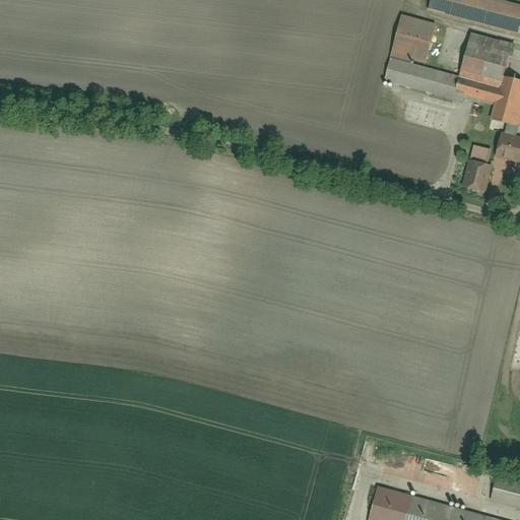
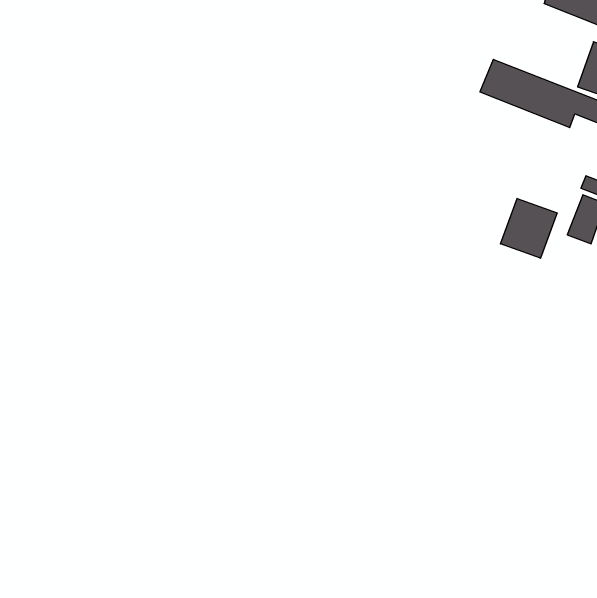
building: [390,14,436,60] -> none
building: none -> [500,198,557,258]

